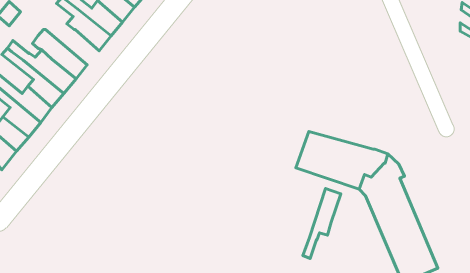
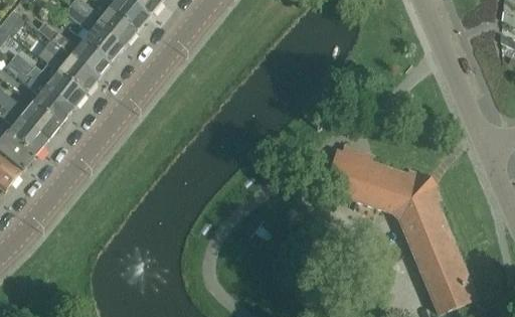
building: none -> [38,20,111,77]
building: [303,189,341,258] -> none

